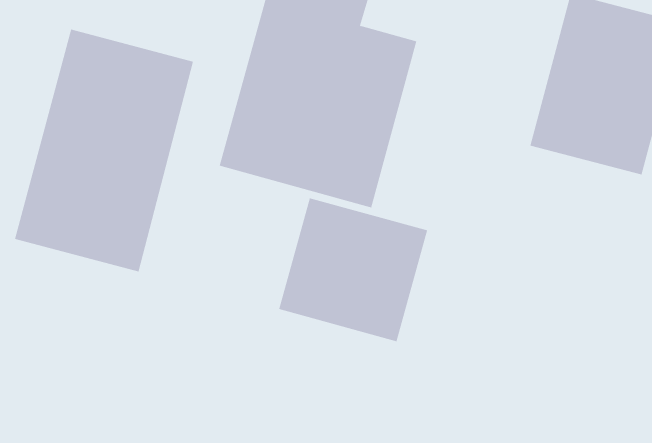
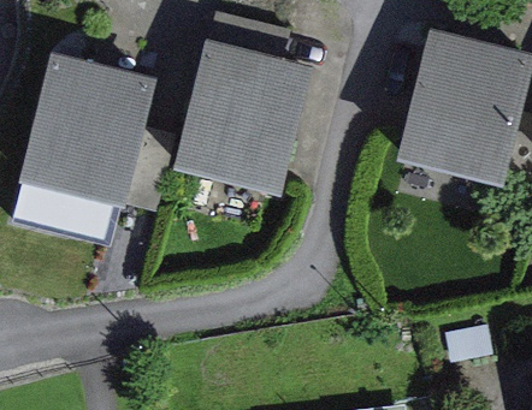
building: [278,197,428,342] -> none

